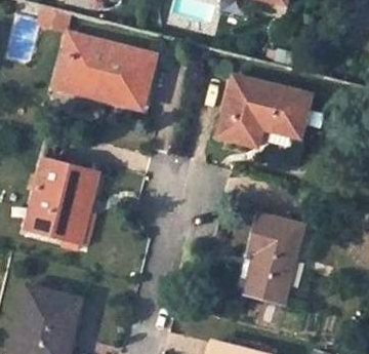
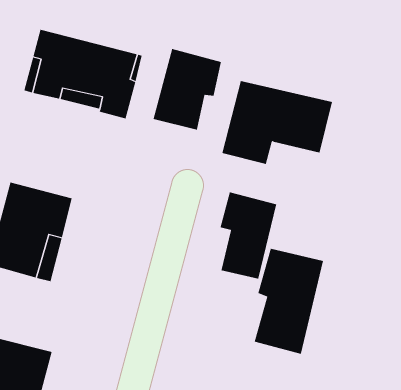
building: none -> [153,48,221,130]
building: none -> [220,191,277,280]

